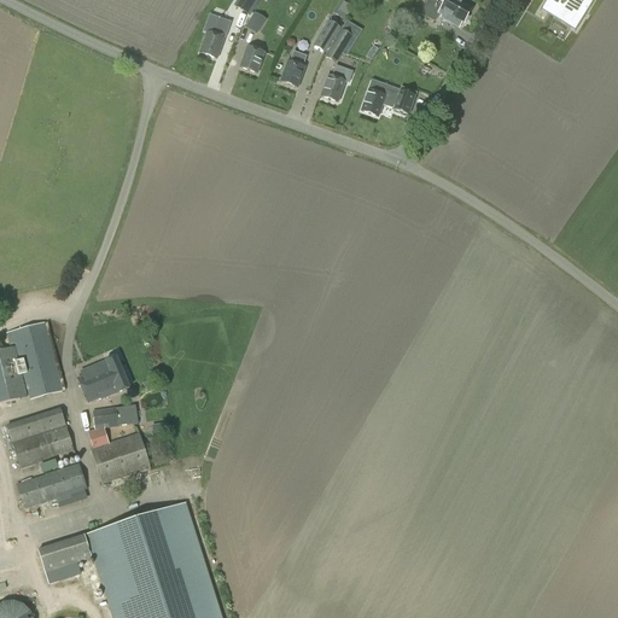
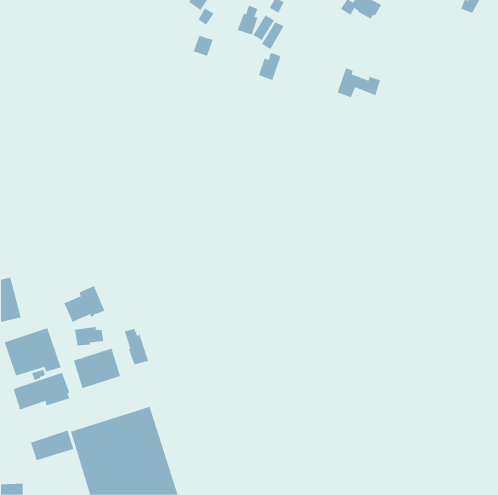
building: [198,14,229,56] -> none
building: [279,47,305,84] -> [237,5,258,35]
building: [360,76,414,113] -> [337,67,381,98]
building: [6,320,62,397] -> none
building: none -> [124,328,149,365]

